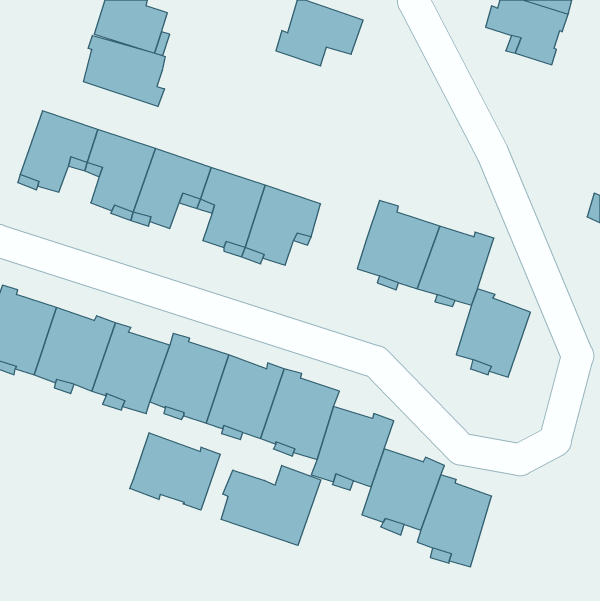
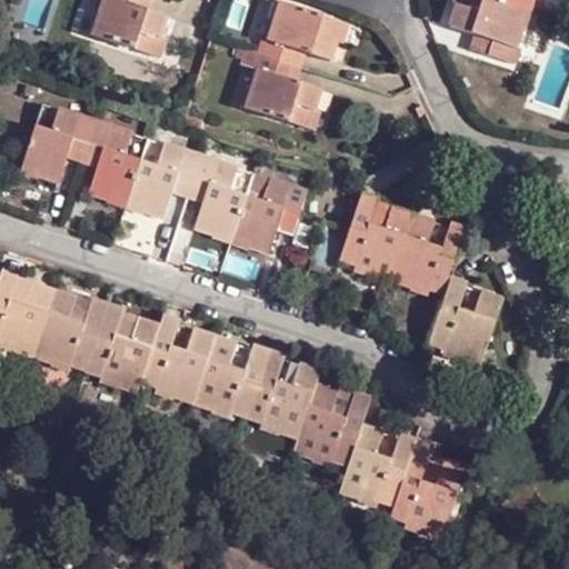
building: [83,35,165,107] -> none
building: none -> [247,49,320,126]
building: [130,433,220,510] -> none
building: [221,465,321,545] -> none

